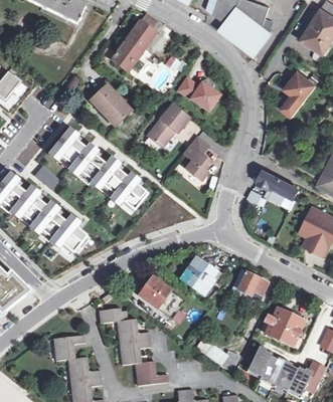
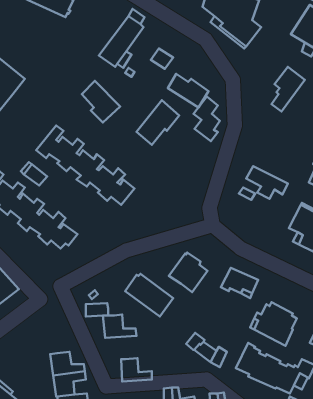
building: [186,138,212,182] -> [194,96,220,141]
building: [48,332,80,357] -> none
building: [118,338,149,362] -> none

